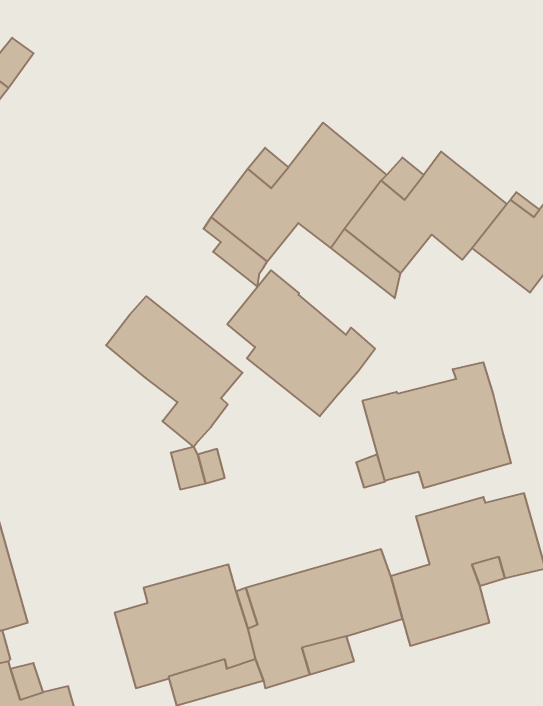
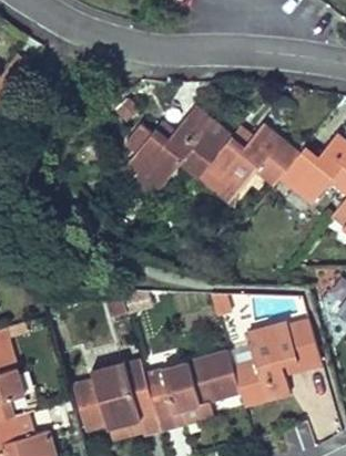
building: [227,270,375,416] -> none
building: [106,296,243,447] -> none
building: [363,362,511,488] -> none

